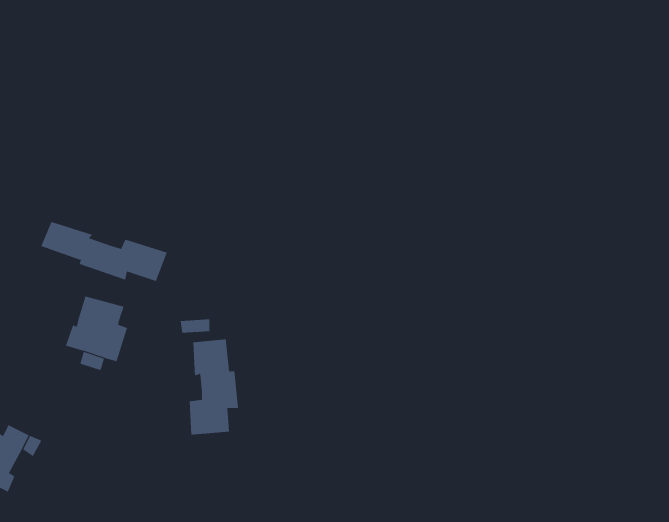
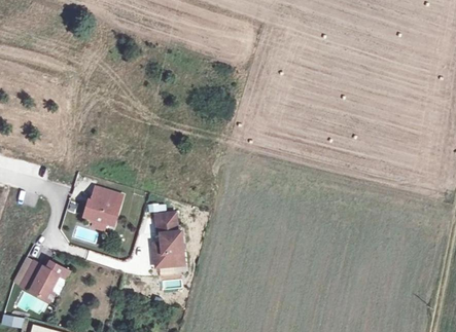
building: [41,221,167,282] -> none

